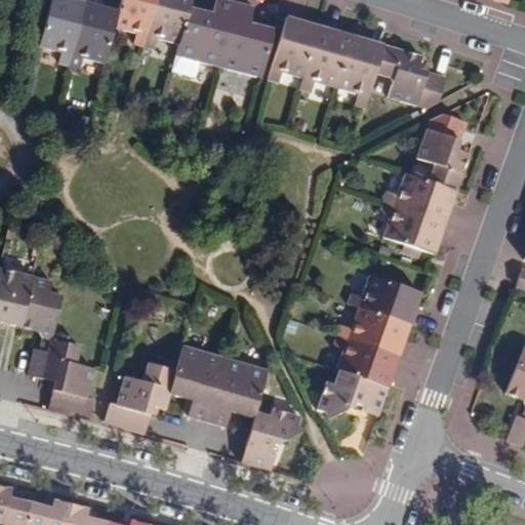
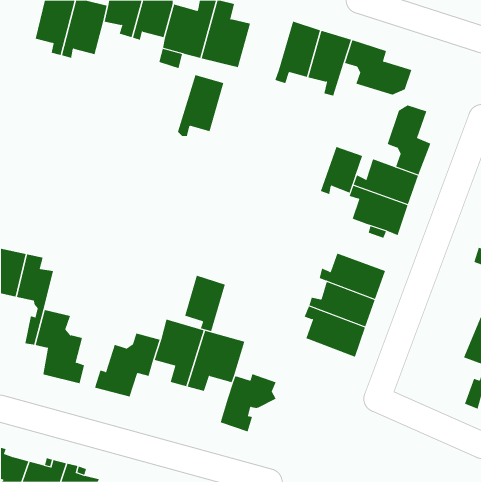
building: [268,13,319,81] -> [177,74,224,137]
building: none -> [320,146,363,195]
building: none -> [184,275,225,332]
building: [317,369,388,416] -> none

